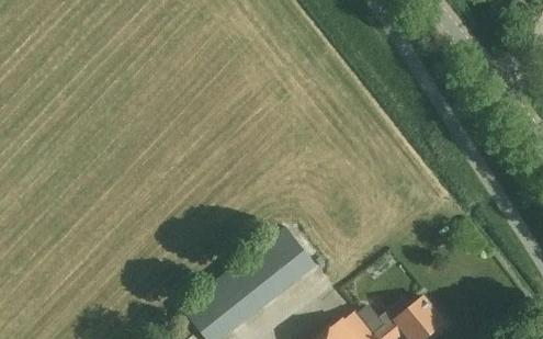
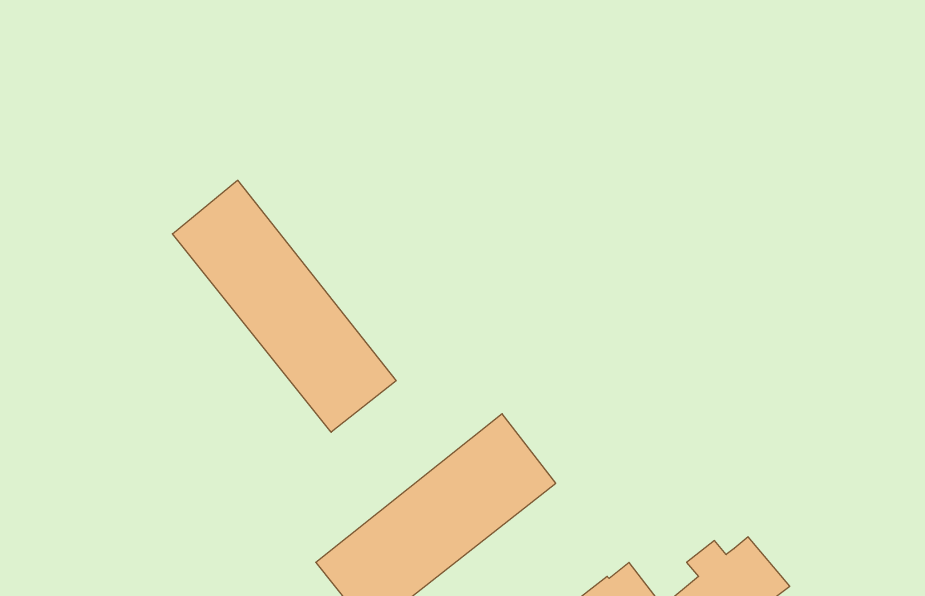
building: none -> [172,180,396,432]

